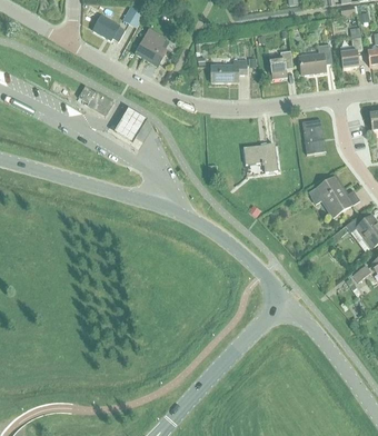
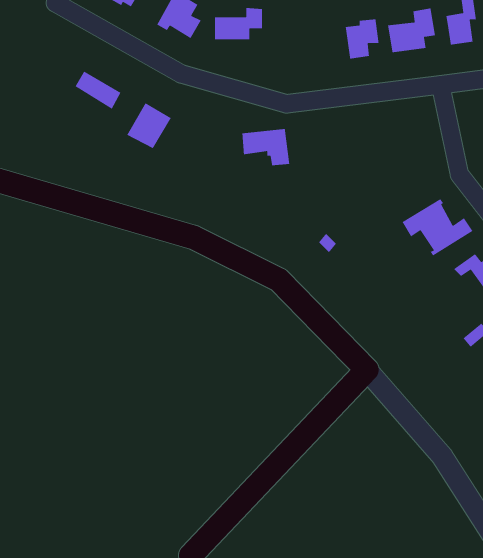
building: [211,58,246,81] -> [214,7,263,40]
building: [302,119,325,153] -> none
building: [242,143,277,170] -> [242,128,290,166]

